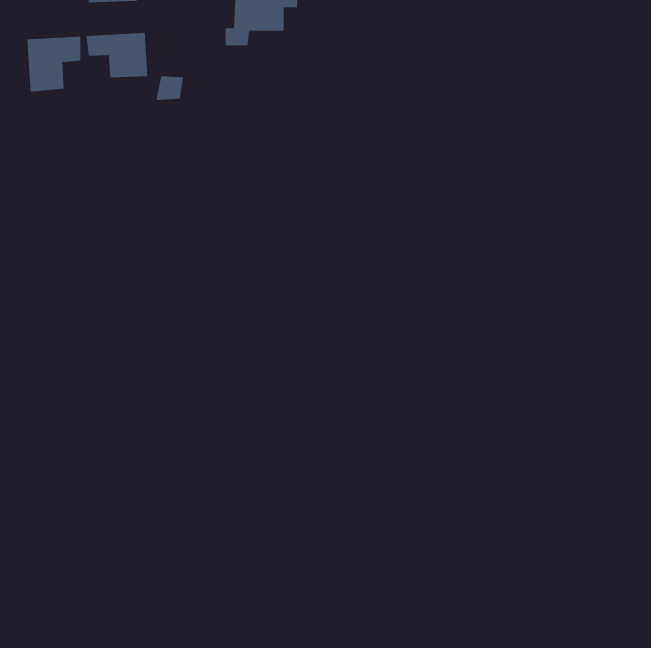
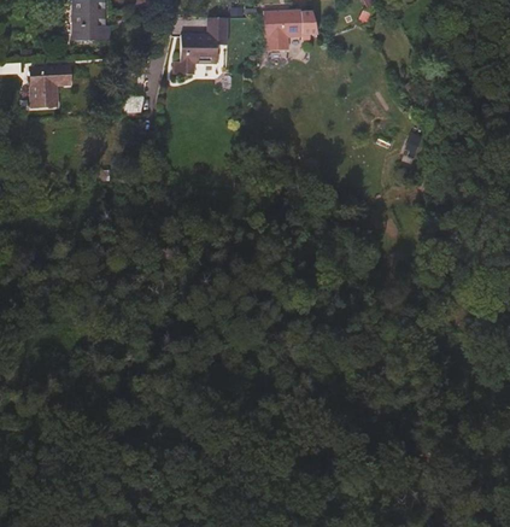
building: [86,32,148,78] -> none

